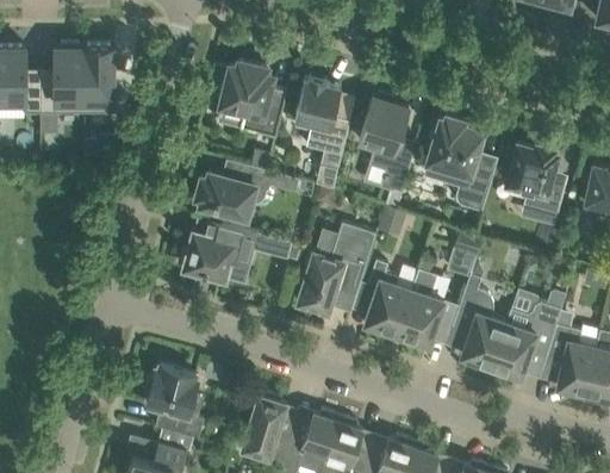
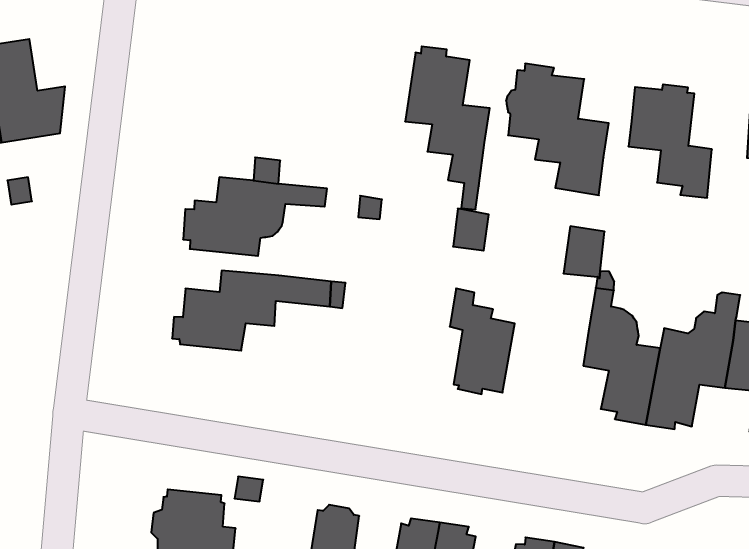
building: [217,62,287,138] -> none
building: [294,77,349,189] -> none
building: [298,224,375,313] -> none
building: [396,270,443,349] -> none

